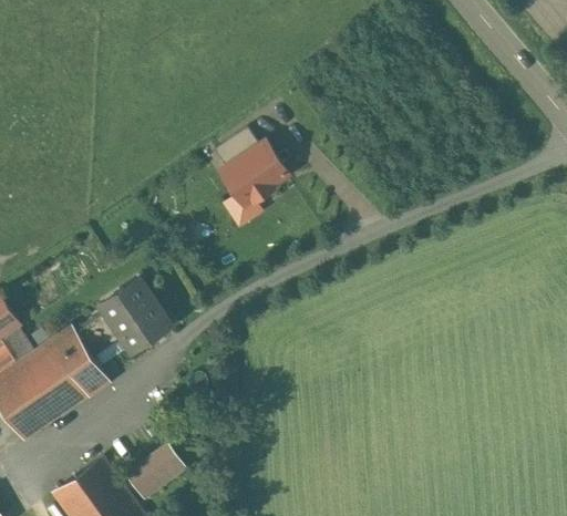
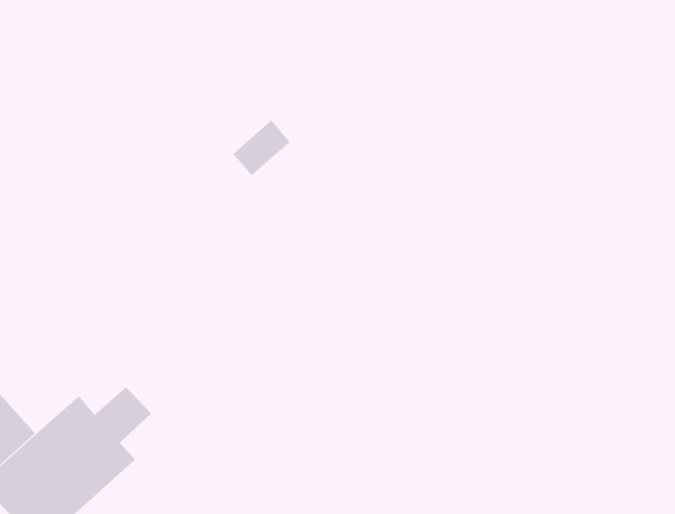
building: [220,151,286,213] -> none
building: [102,288,169,359] -> none

